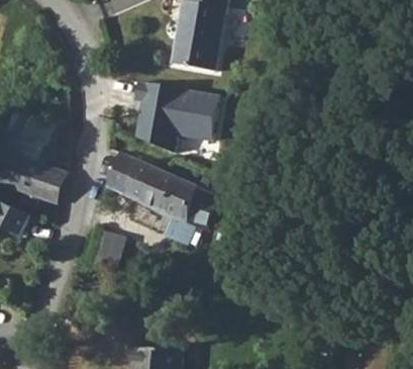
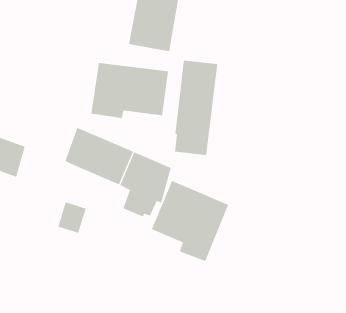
building: none -> [175,60,218,156]
building: none -> [151,180,229,262]

